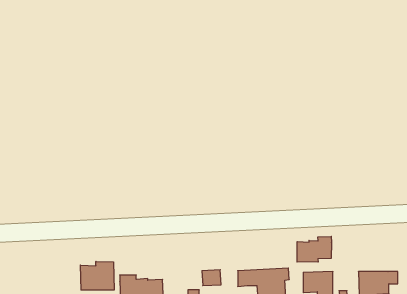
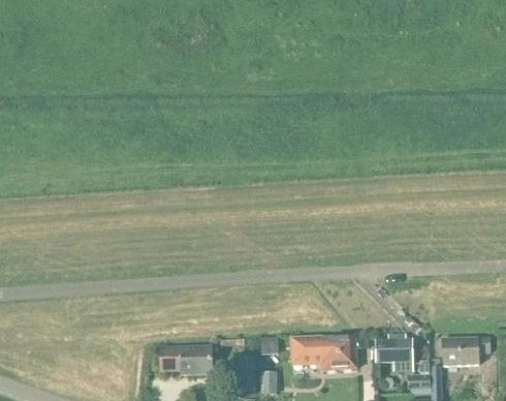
building: [297,236,331,262] -> none
building: [80,261,114,290] -> none

